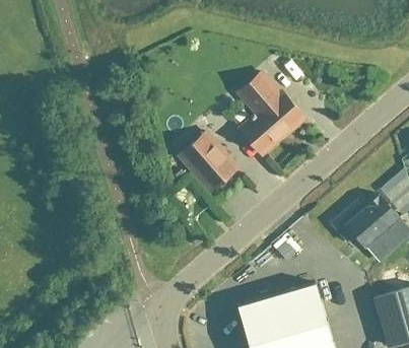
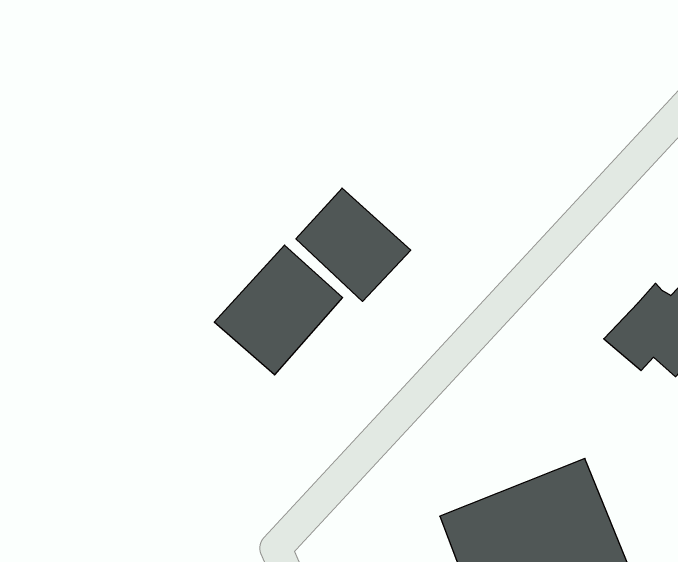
building: [240,73,305,155] -> none
building: none -> [214,245,343,375]

